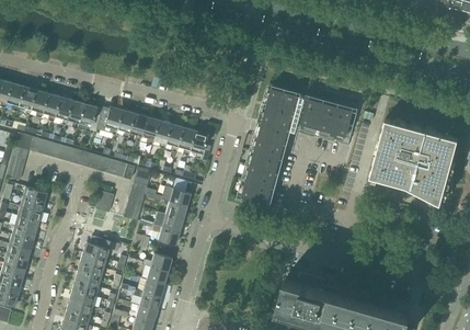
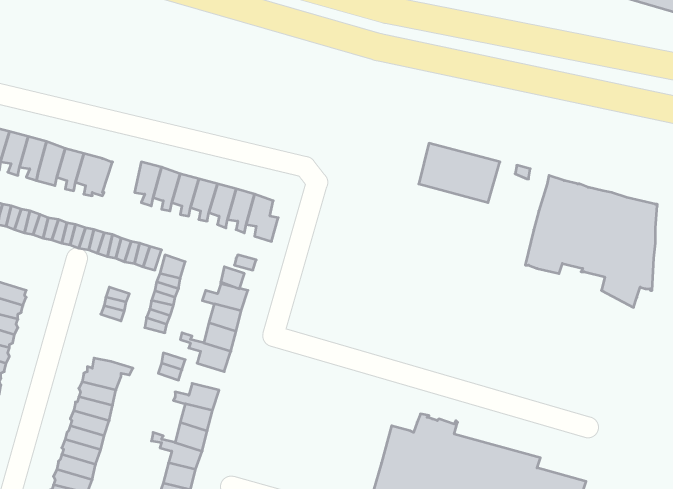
building: [242,88,306,203] -> none
building: [96,106,122,135] -> none

